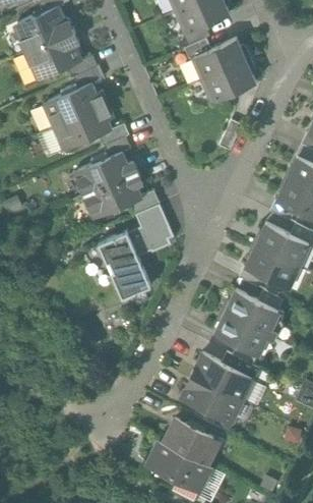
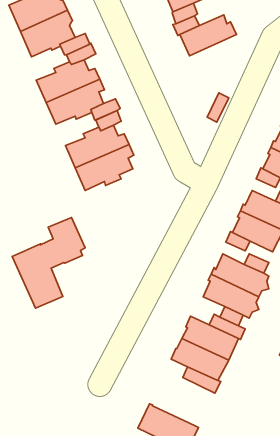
building: [201,59,256,103] -> none
building: [98,206,174,300] -> [12,218,85,308]
building: [163,422,214,467] -> none

